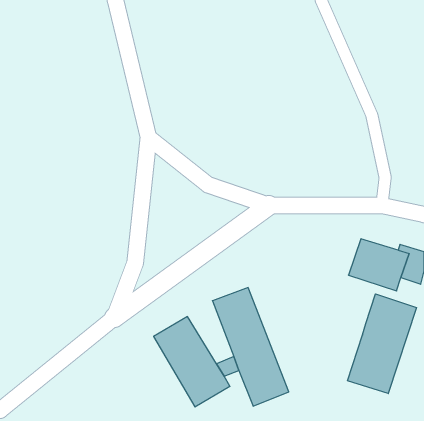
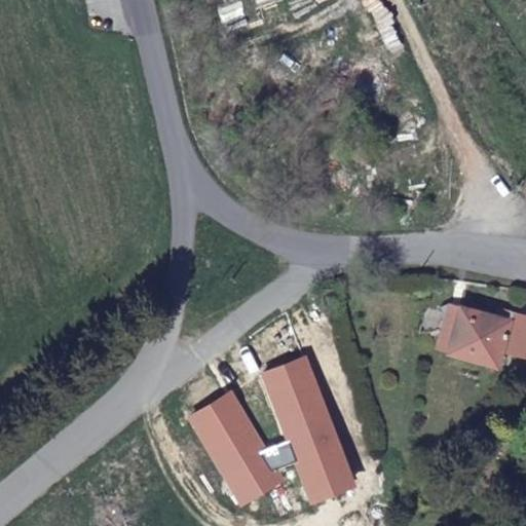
building: [348,294,416,394] -> none

